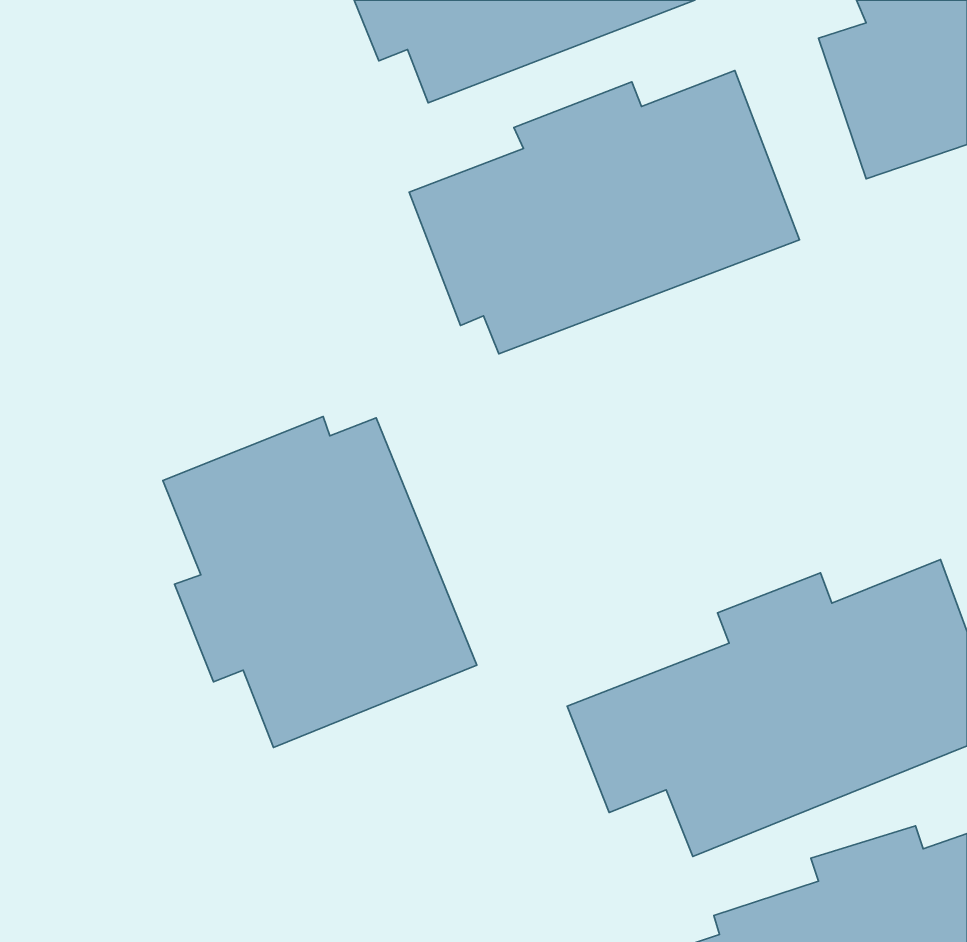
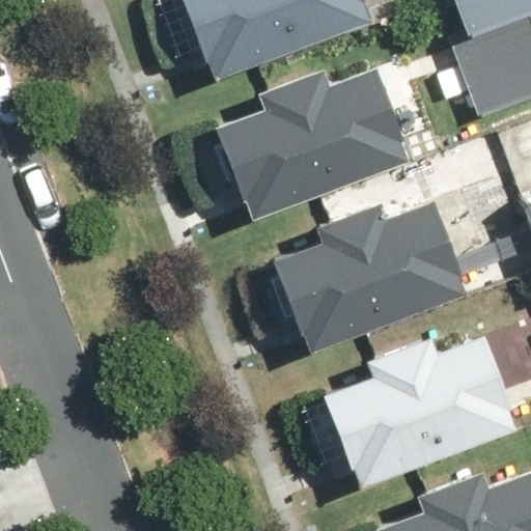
building: none -> [275,189,492,350]
building: [163,416,477,747] -> none

